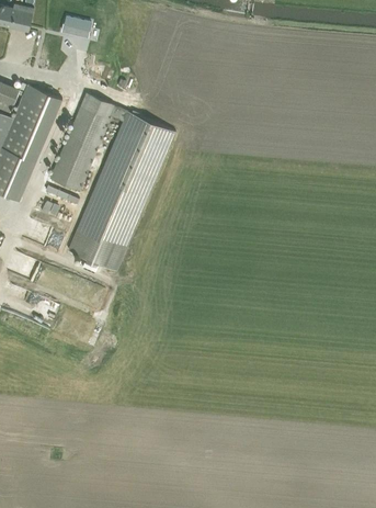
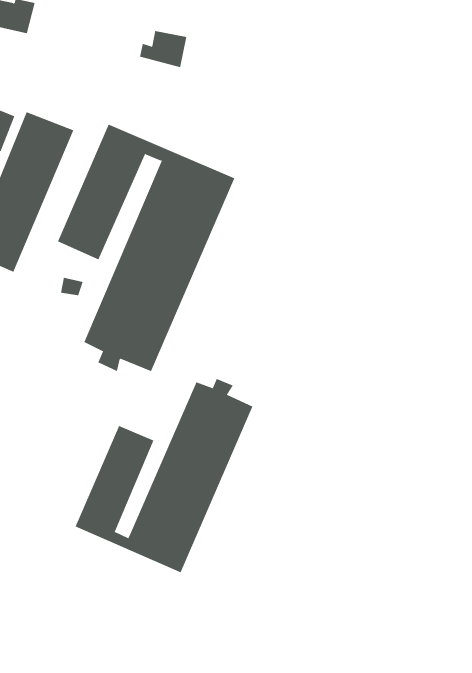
building: [50,16,84,43] -> [139,31,187,68]
building: none -> [75,378,253,573]

